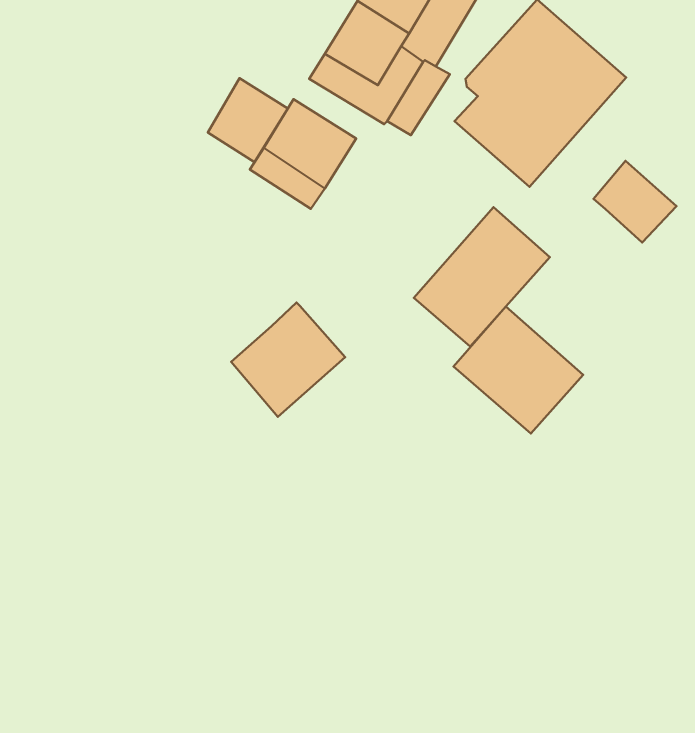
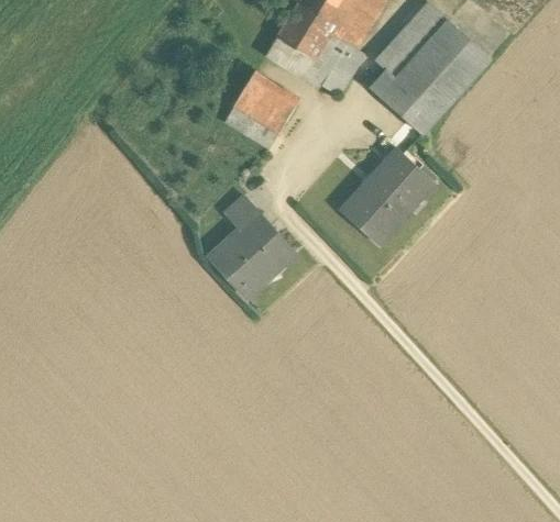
building: [208,78,288,162] -> none
building: [593,161,676,243] -> none
building: none -> [227,197,263,231]
building: [453,306,583,433] -> none

